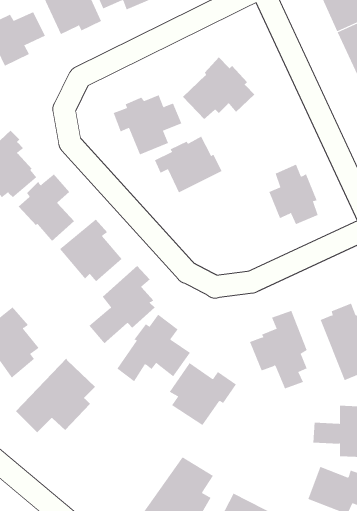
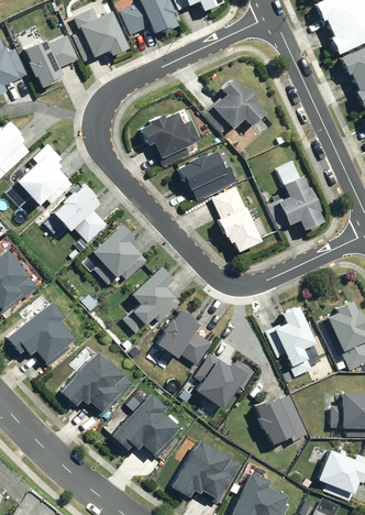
building: none -> [213,187,263,251]
building: none -> [101,390,180,461]
building: none -> [250,394,305,446]

